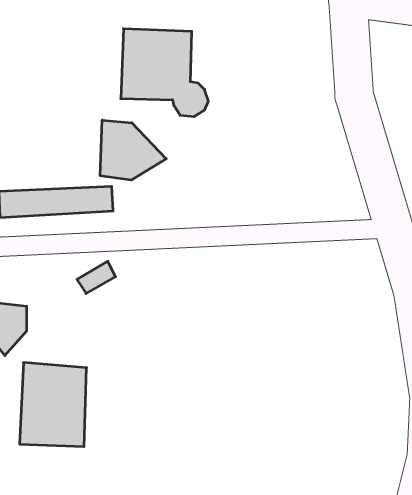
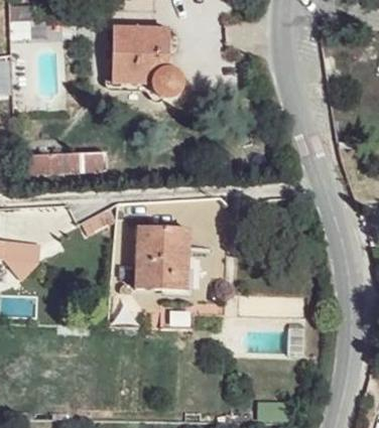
building: [100,120,166,180] -> none
building: [20,363,87,447] -> [137,227,190,292]

